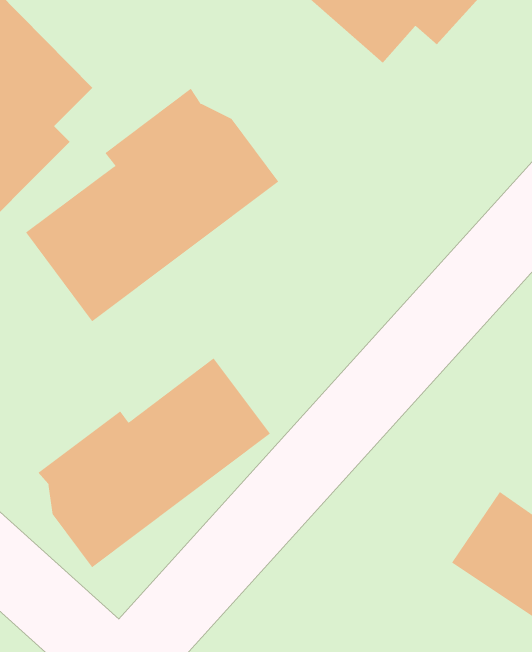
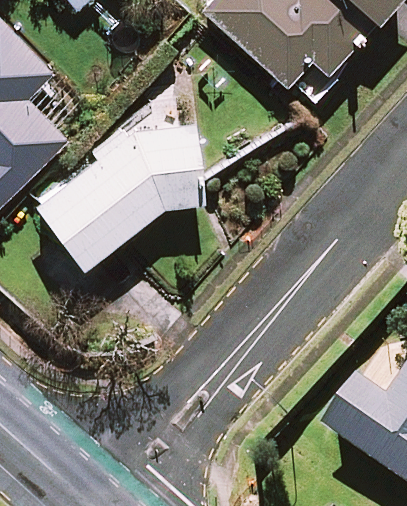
building: [37,358,271,568] -> none

